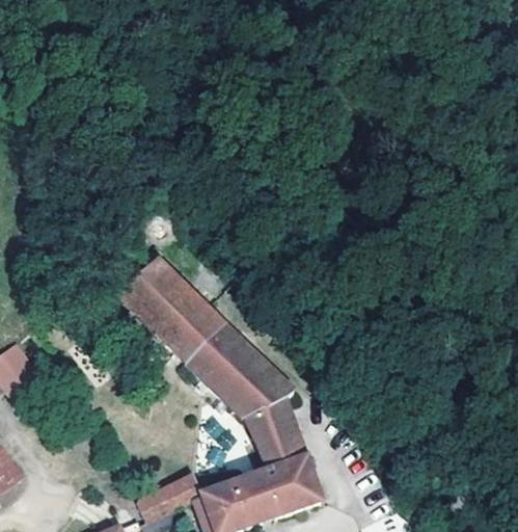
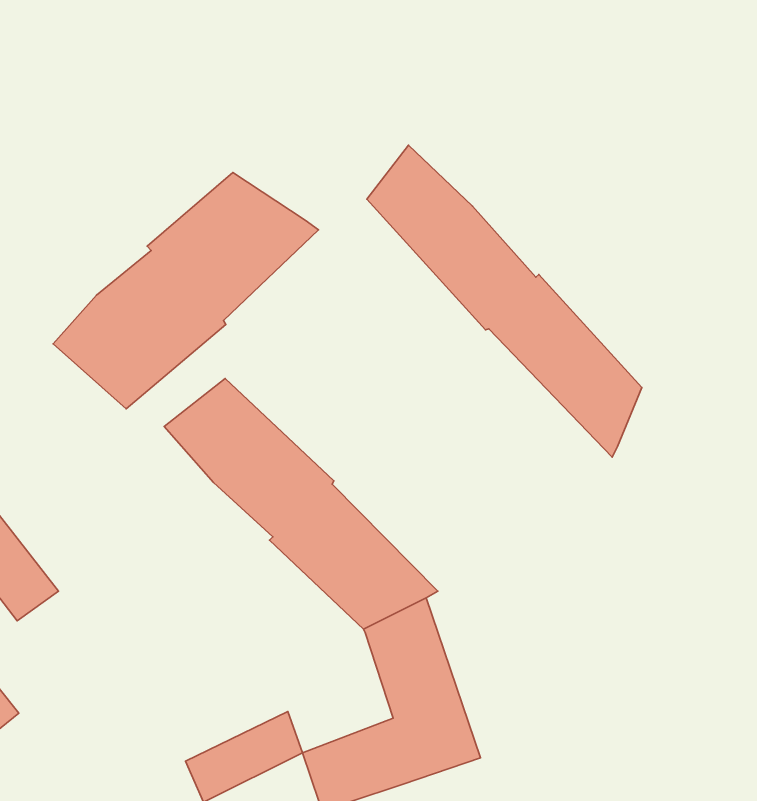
building: none -> [367,145,642,457]
building: none -> [53,172,319,409]

